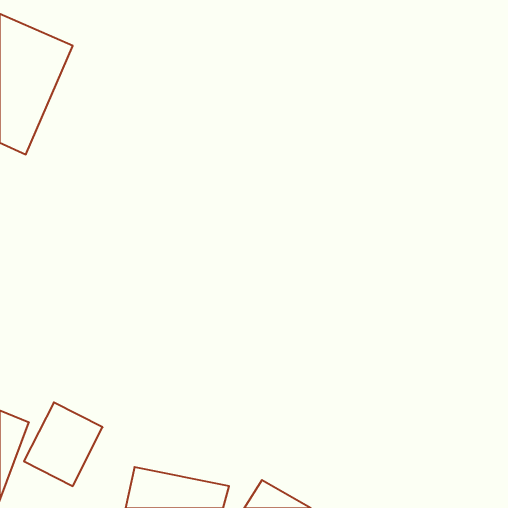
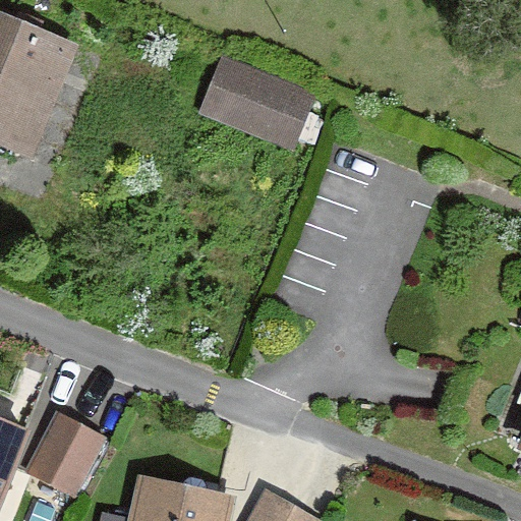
building: none -> [199,57,314,151]

